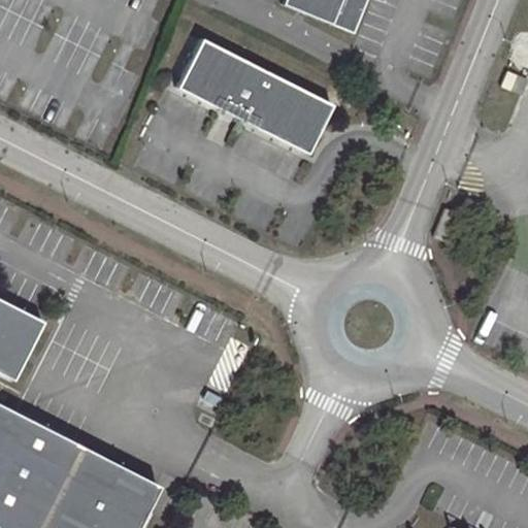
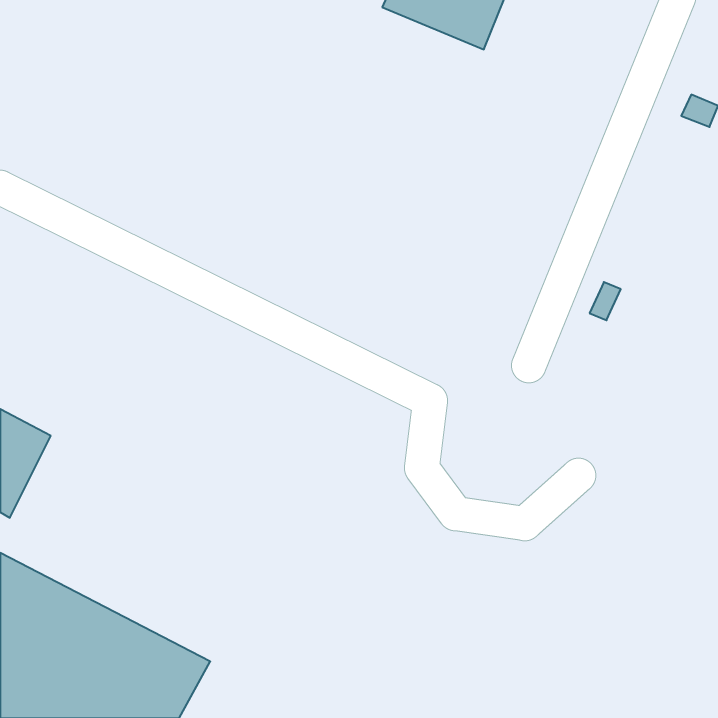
building: [177,39,333,156] -> none

